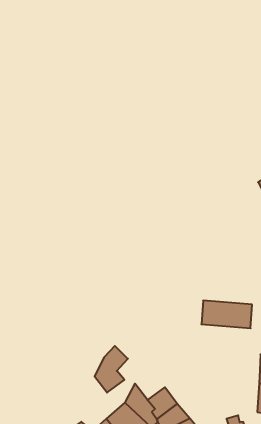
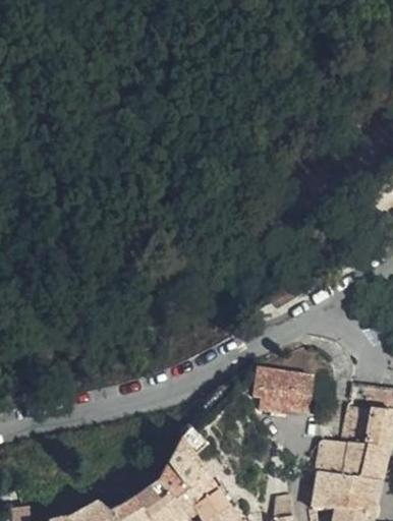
building: [95,346,128,393] -> [169,427,210,481]

